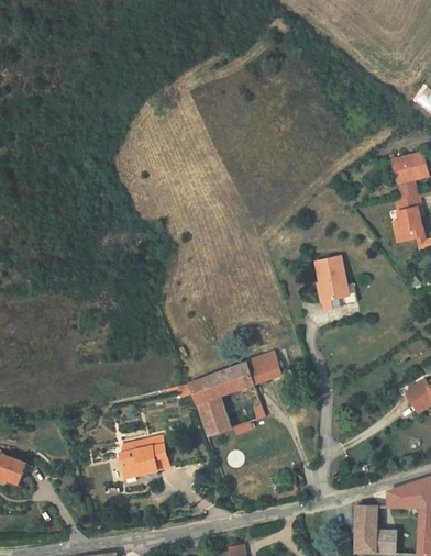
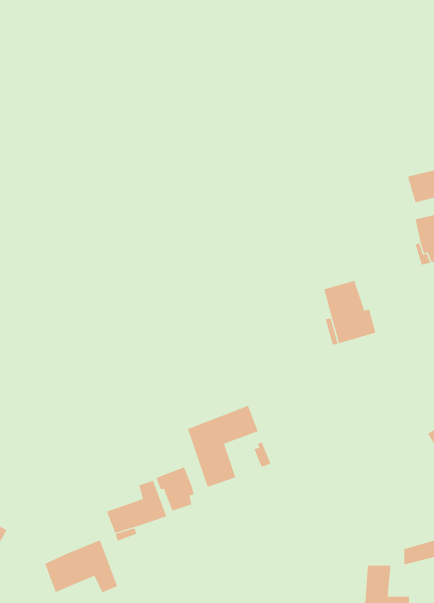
building: [254,354,285,383] -> none
building: none -> [156,467,194,512]
building: none -> [44,539,118,593]

